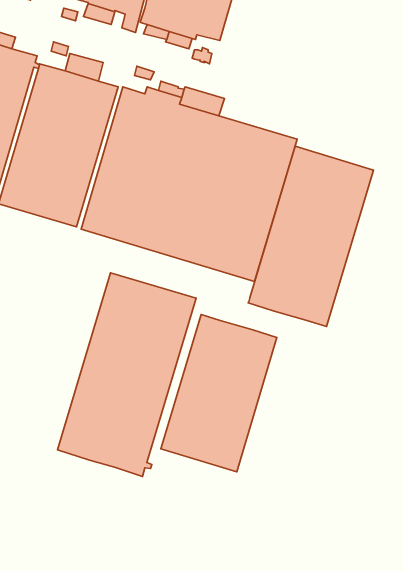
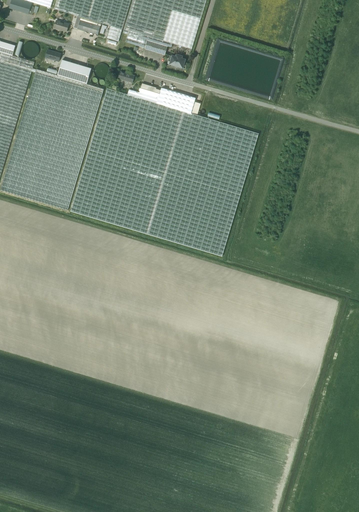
building: [248,146,373,327] -> none
building: [57,273,196,477] -> none
building: [161,315,277,472] -> none

